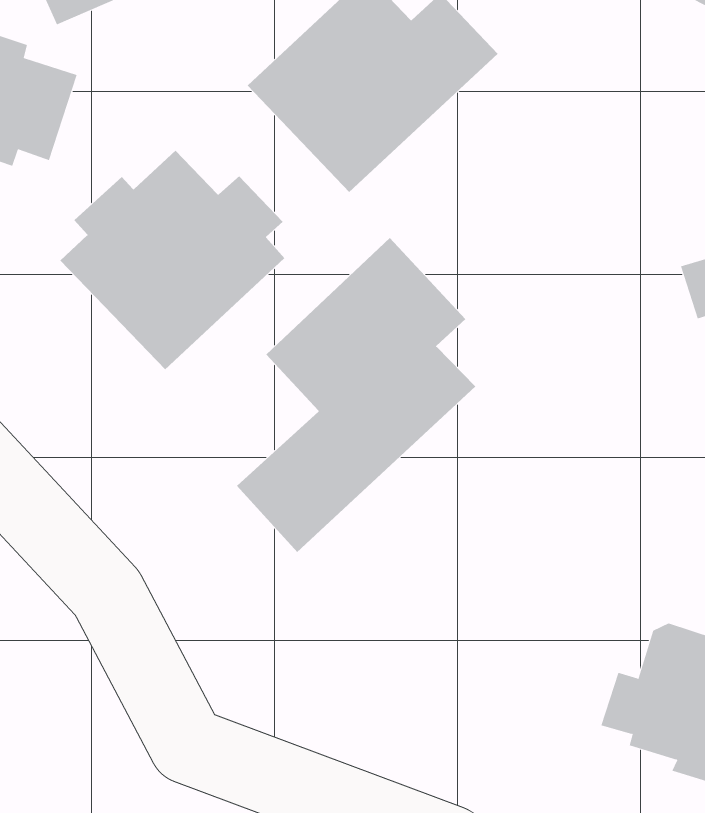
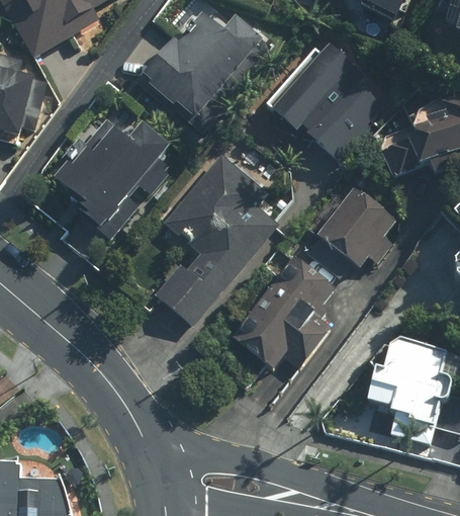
building: none -> [271,44,365,161]
building: none -> [315,186,396,267]
building: none -> [232,255,334,367]

